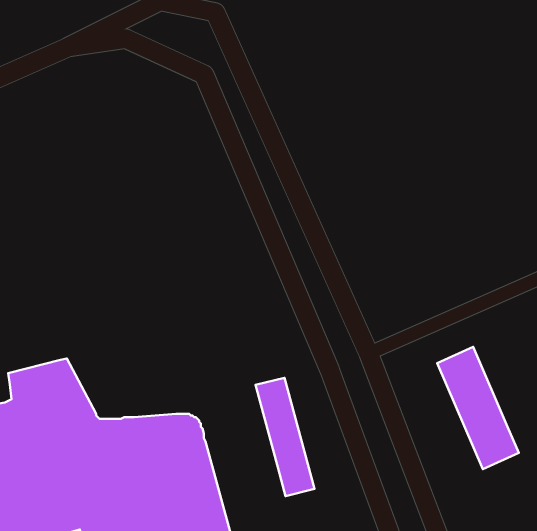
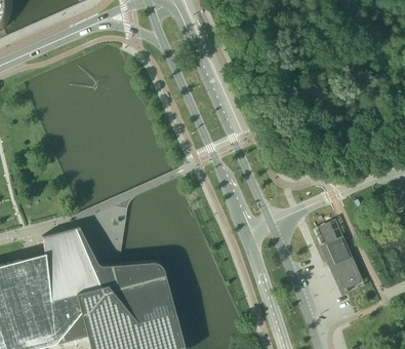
building: [255,378,315,496] -> none

